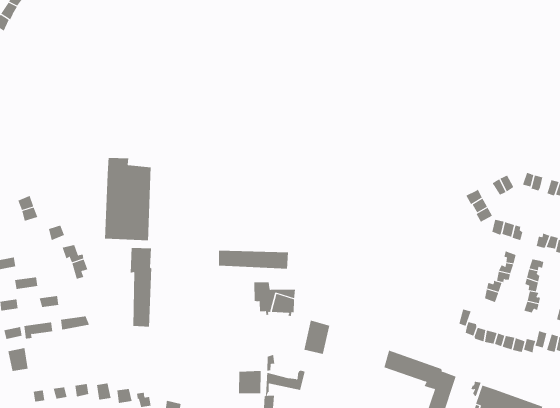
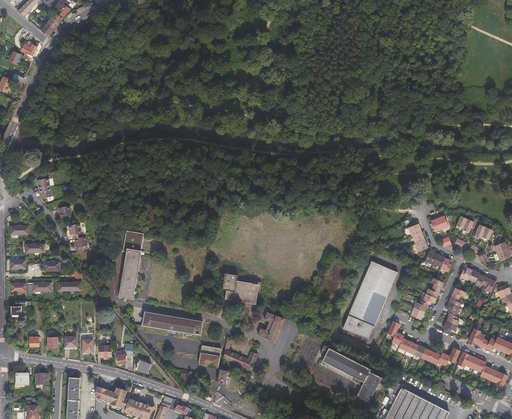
building: [104,157,151,241] -> none
building: none -> [343,261,398,339]
building: [218,250,289,269] -> [142,311,202,335]

